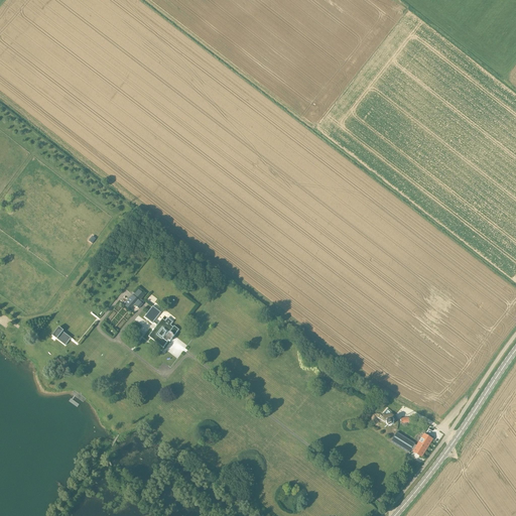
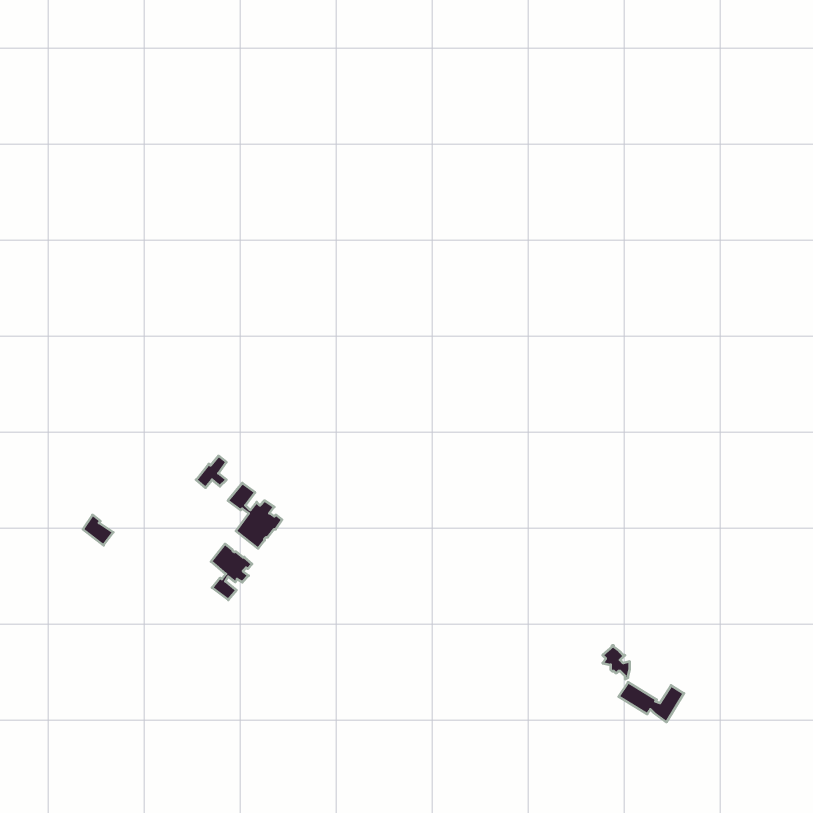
building: none -> [211,544,252,600]

